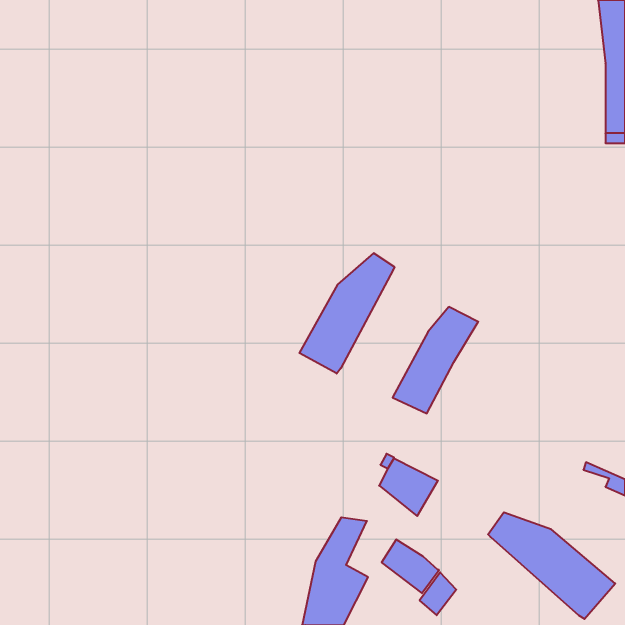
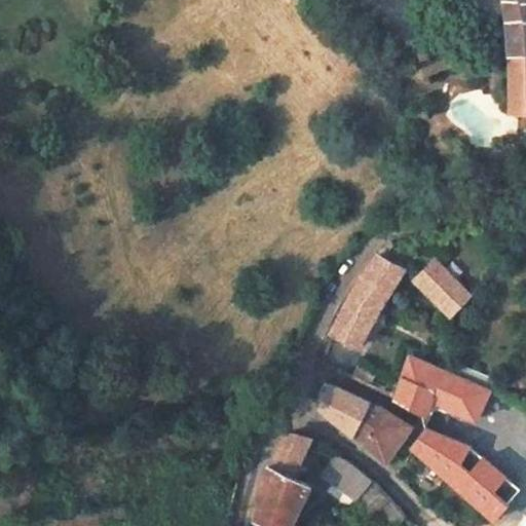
building: [299,253,394,374] -> none
building: none -> [415,260,469,315]
building: none -> [392,356,494,420]
building: none -> [350,404,410,461]

